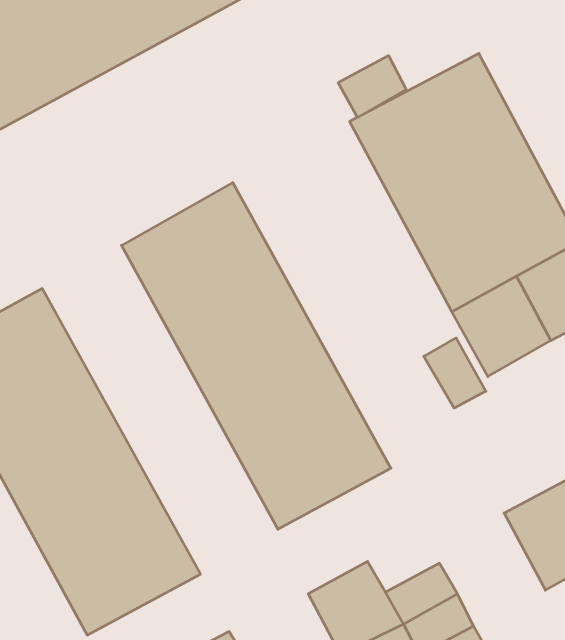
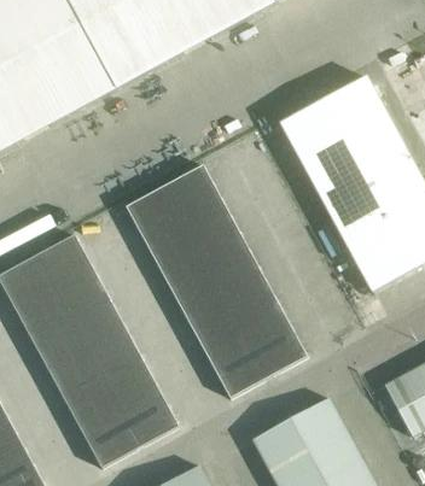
building: [338,56,406,117] -> none
building: [424,338,486,408] -> none
building: none -> [291,397,339,438]

